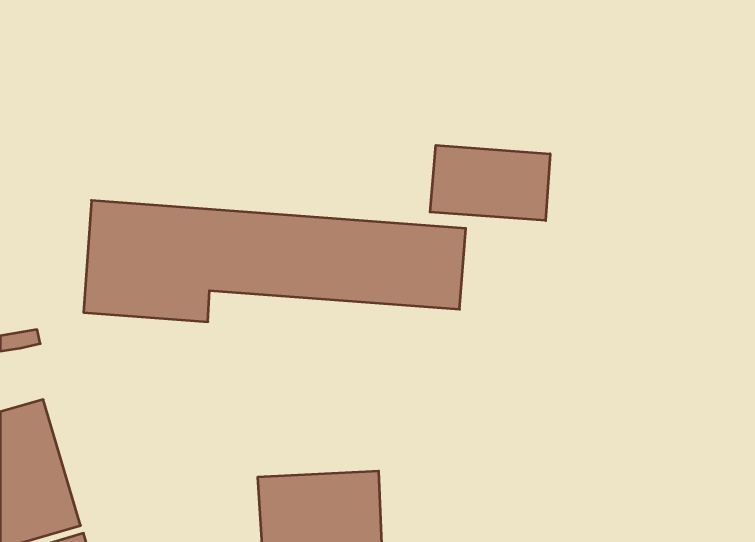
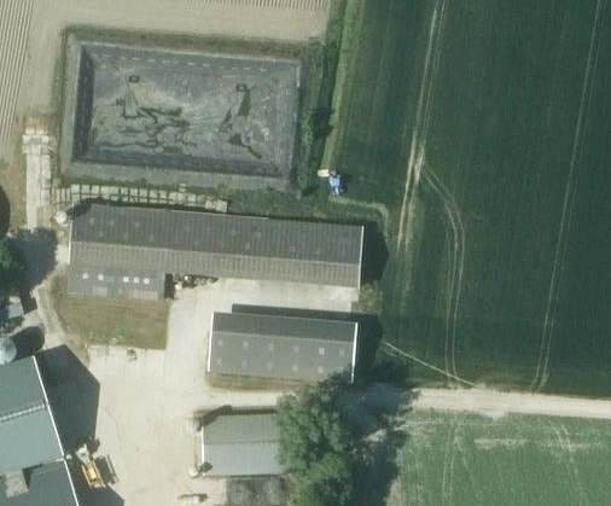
building: [430,145,550,221] -> none
building: none -> [208,316,355,384]

